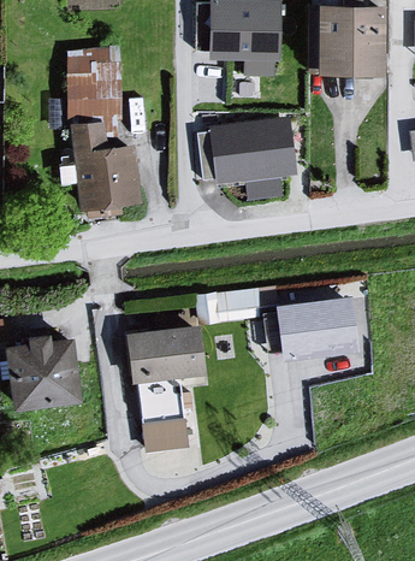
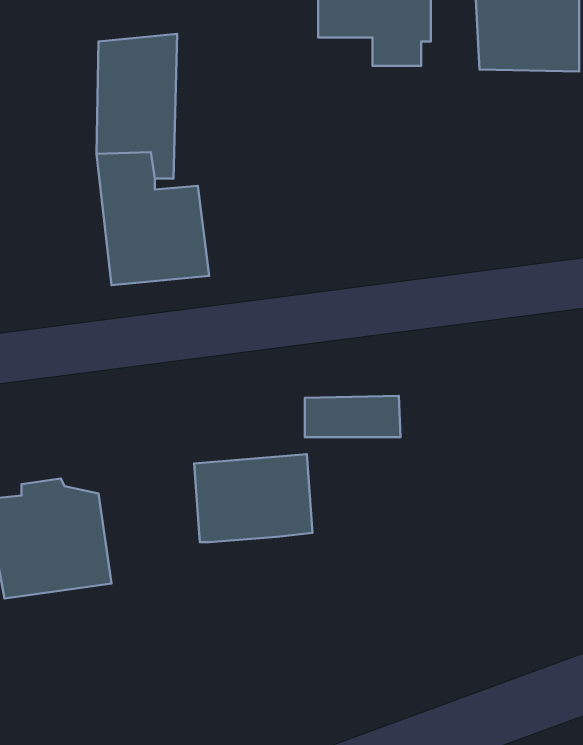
building: [212,112,300,197] -> none
building: [278,289,360,356] -> none
building: [140,373,189,453] -> none

